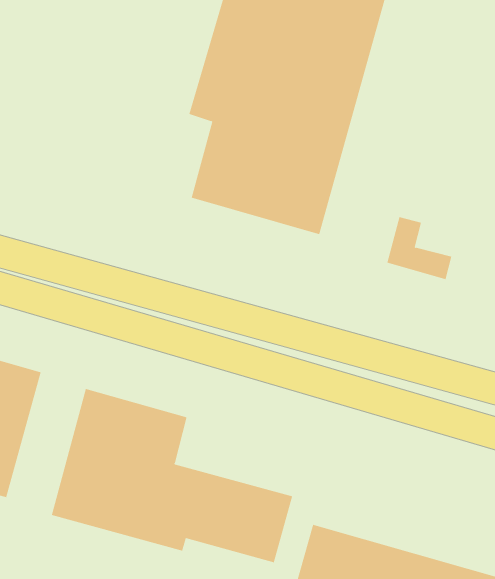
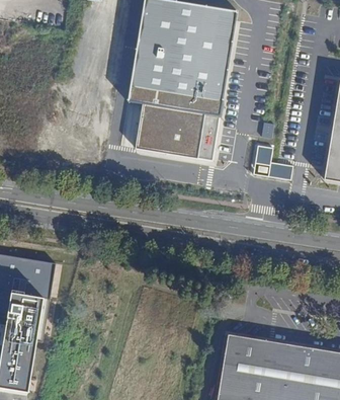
building: [51,388,293,563] -> none

